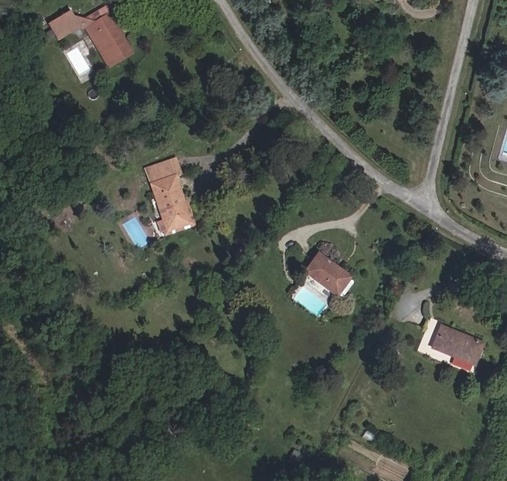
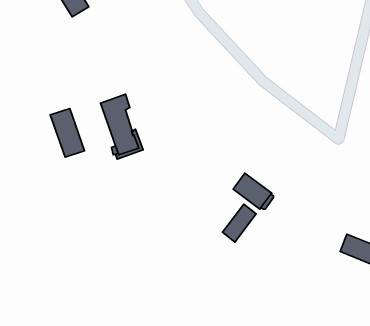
building: none -> [50,109,85,157]
building: none -> [223,204,256,242]

